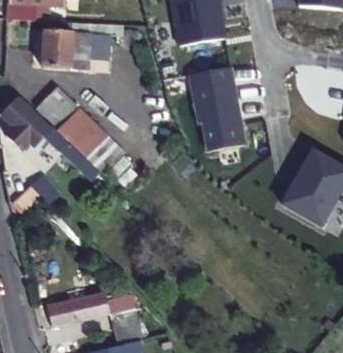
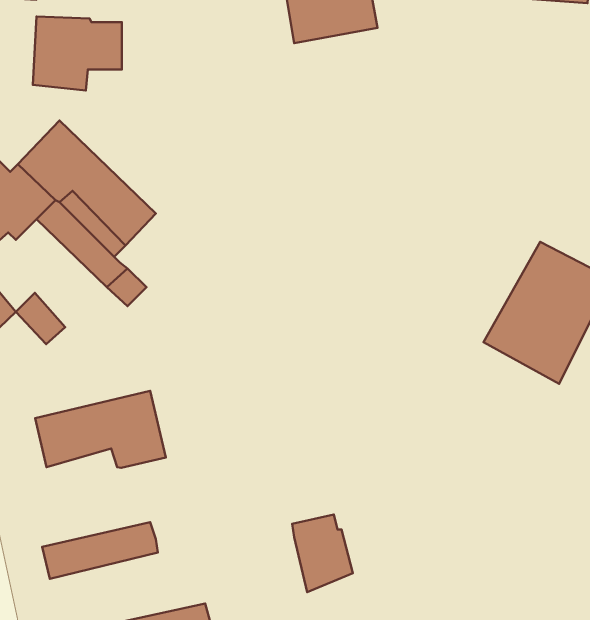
building: [185,69,240,138] -> none
building: none -> [35,391,166,468]
building: [108,299,140,340] -> [292,514,353,592]

